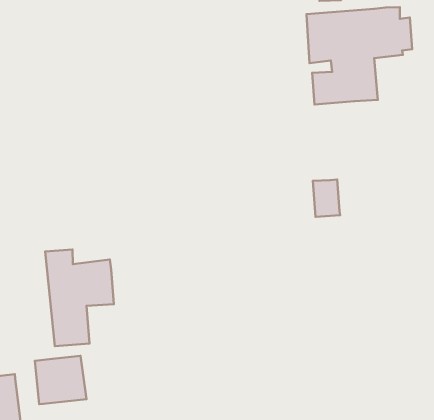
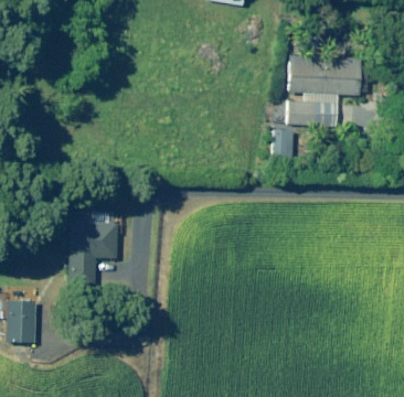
building: [313,179,340,217] -> [273,130,293,159]
building: [35,356,86,404] -> none

